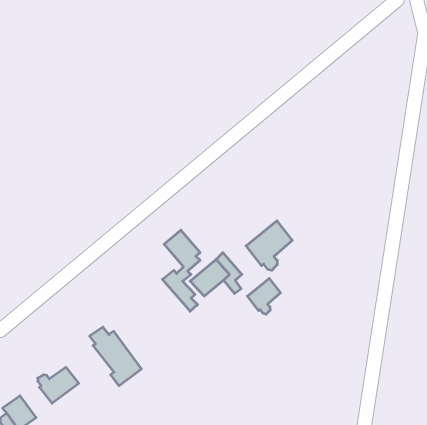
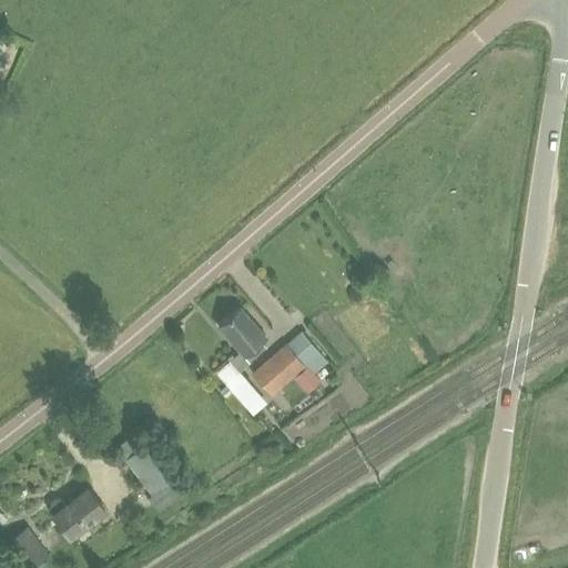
building: [246,221,292,270] -> none
building: [247,278,280,314] -> none

